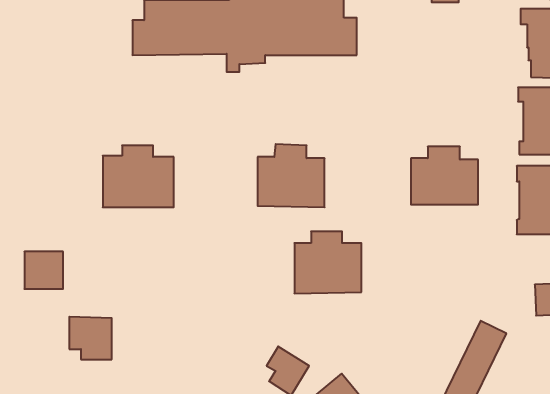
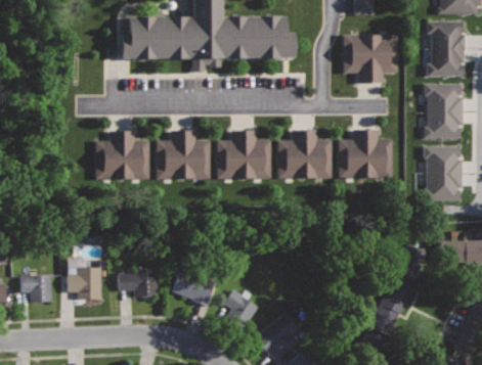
building: none -> [342,33,396,84]
building: none -> [158,130,210,179]
building: [294,231,361,293] -> [278,132,332,181]
building: [24,252,63,289] -> [23,272,53,302]
building: none -> [118,268,158,299]
building: none -> [171,269,217,307]

